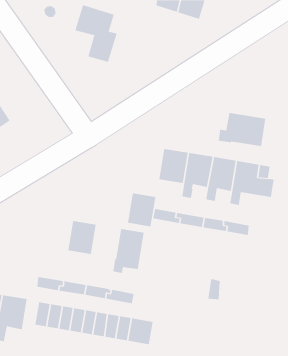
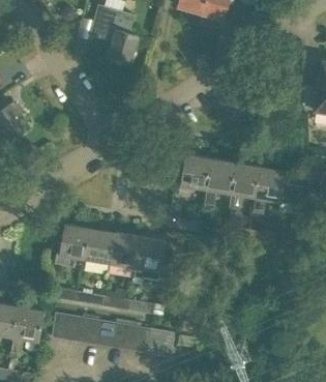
building: [218,112,266,147] -> none
building: [127,193,156,227] -> [111,233,141,268]
building: none -> [55,224,91,266]

